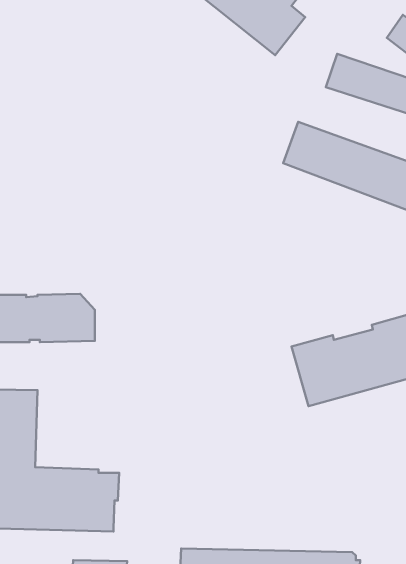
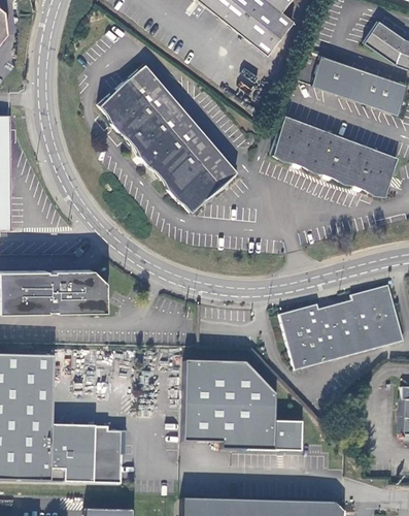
building: none -> [98,62,236,211]
building: none -> [181,361,300,452]

